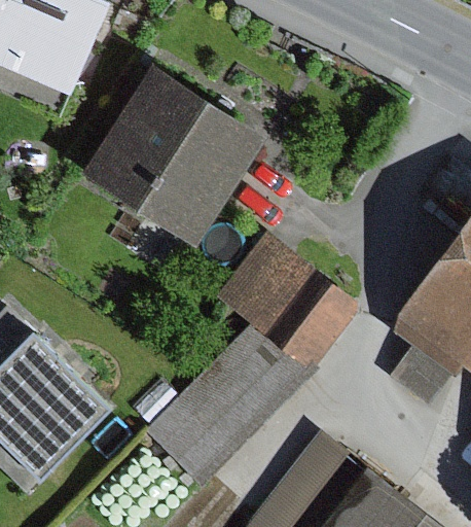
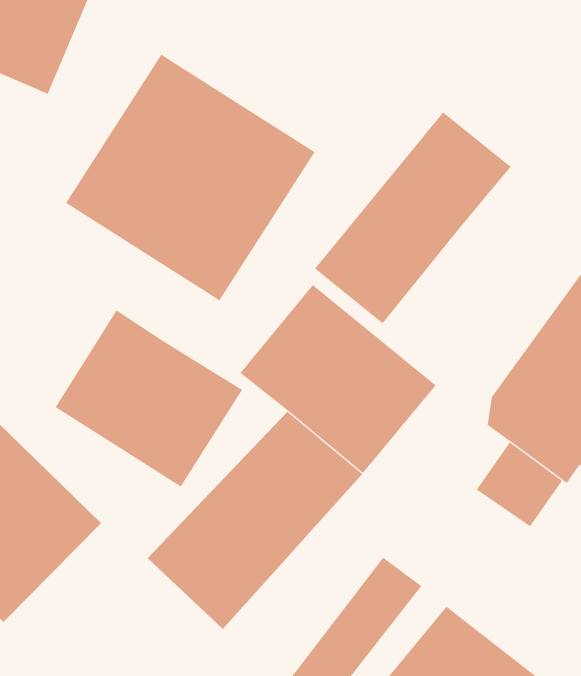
building: none -> [314,111,512,324]
building: none -> [55,309,243,488]

